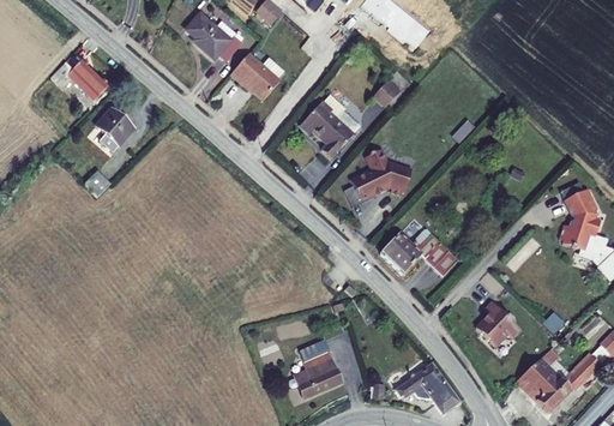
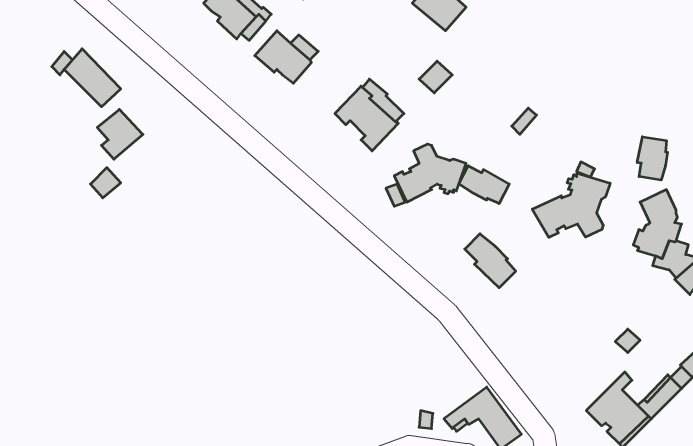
building: none -> [637,137,668,180]
building: none -> [459,166,509,204]
building: none -> [532,173,610,237]
building: [380,232,423,274] -> none
building: [476,302,522,348] -> none
building: [294,337,344,397] -> none

